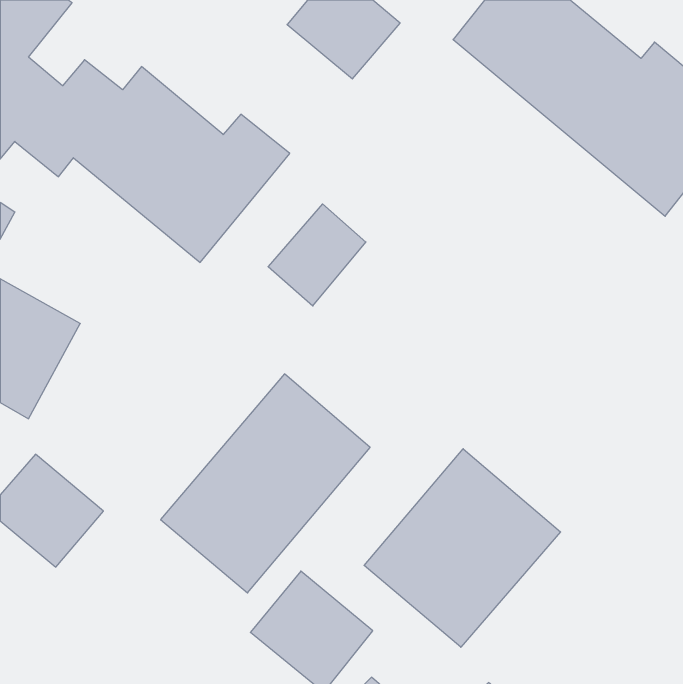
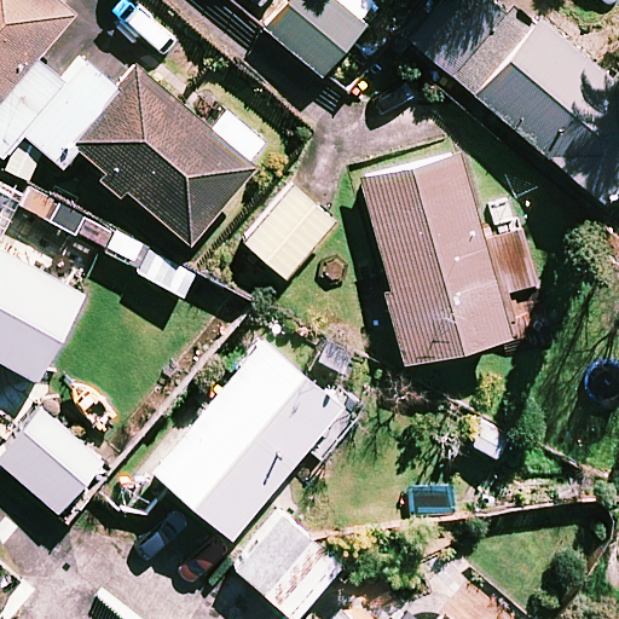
building: none -> [361,151,508,360]
building: [364,449,561,647] -> none

